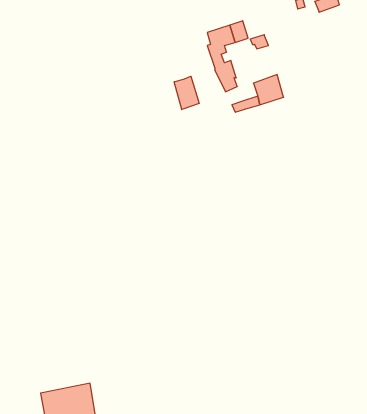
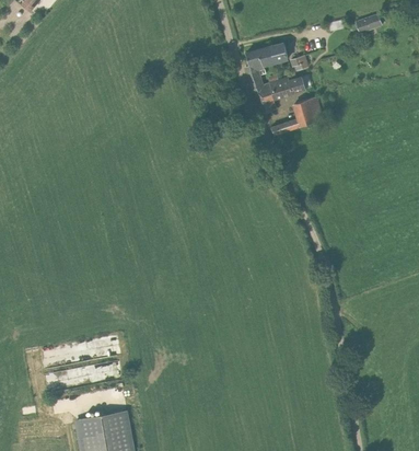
building: none -> [270,77,305,100]
building: [174,76,199,110] -> none

